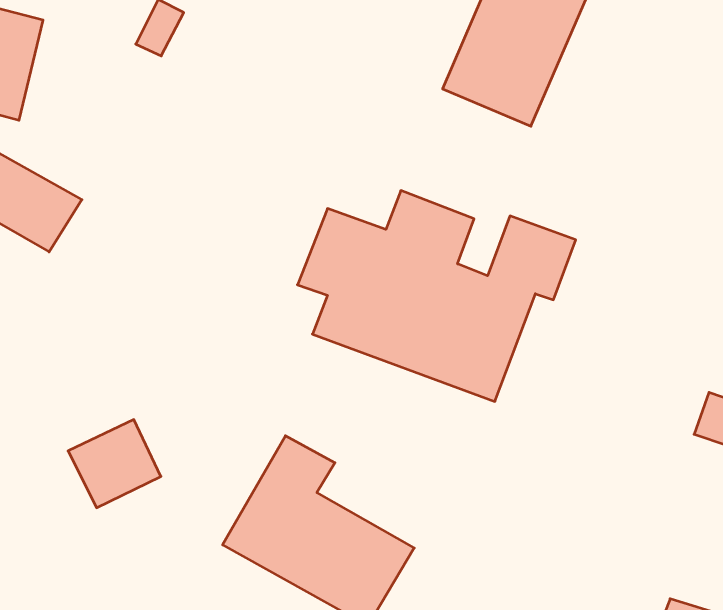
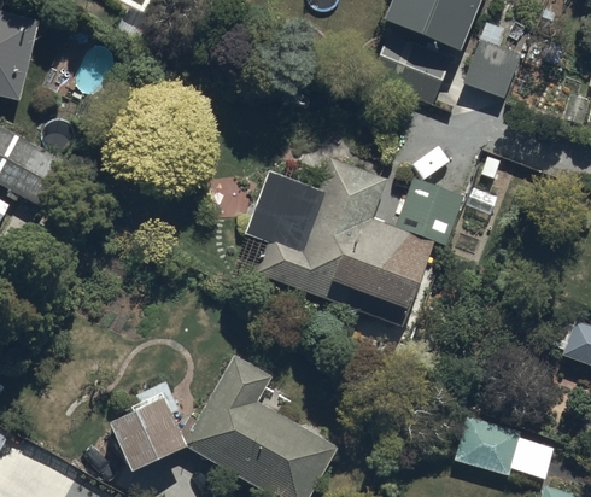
building: none -> [462,35,525,99]
building: [68,420,161,508] -> [109,397,183,468]
building: none -> [452,414,525,476]

